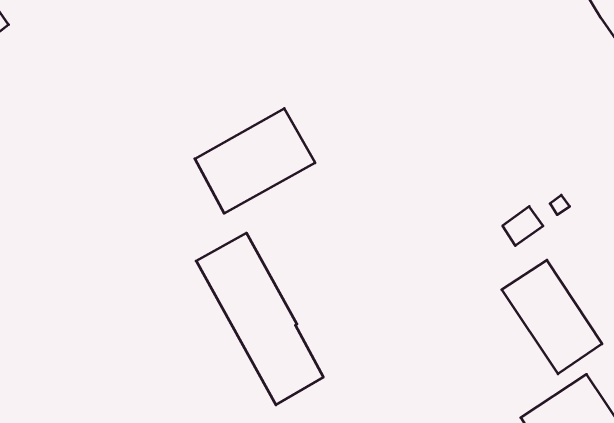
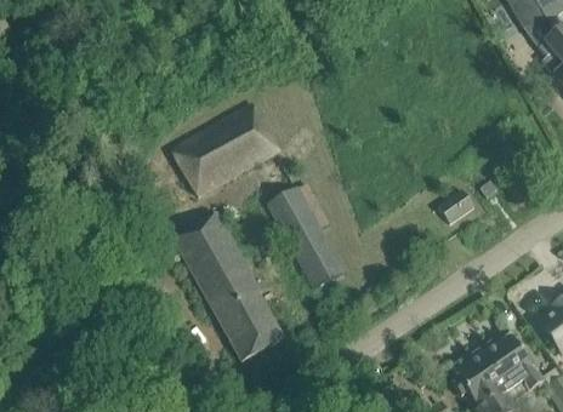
building: none -> [268,187,342,286]
building: [502,260,602,374] -> none

